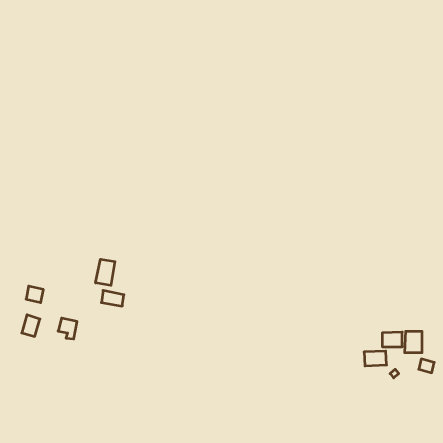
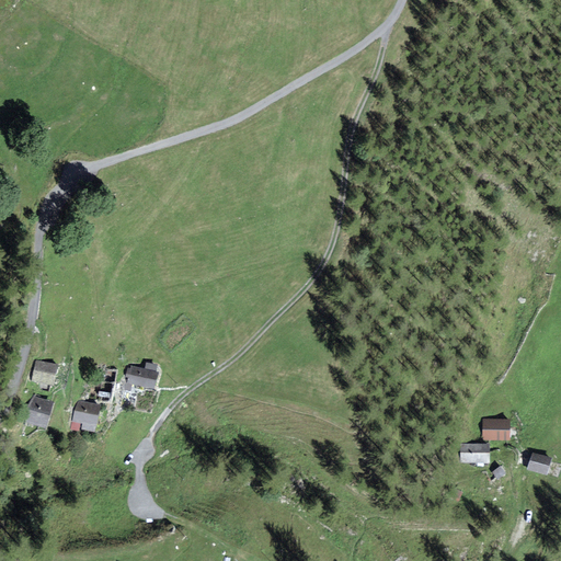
building: [96,259,115,285] -> none
building: [405,331,422,353] -> none

